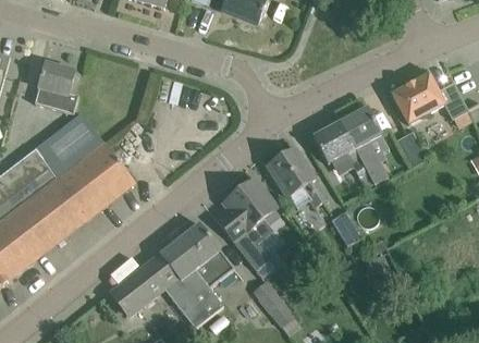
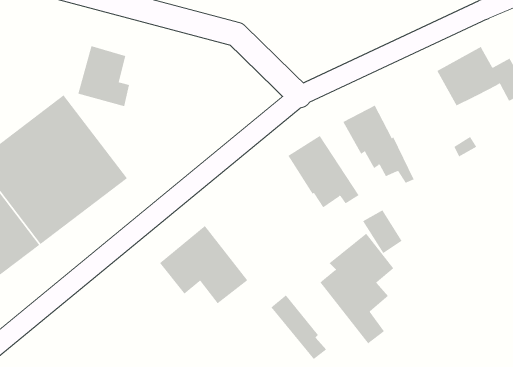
building: [34,61,77,112] -> [78,46,130,107]
building: [340,106,388,183] -> none
building: [214,176,277,269] -> [320,233,394,344]
building: [111,253,223,327] -> none

